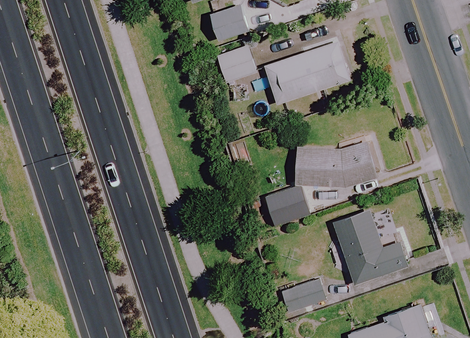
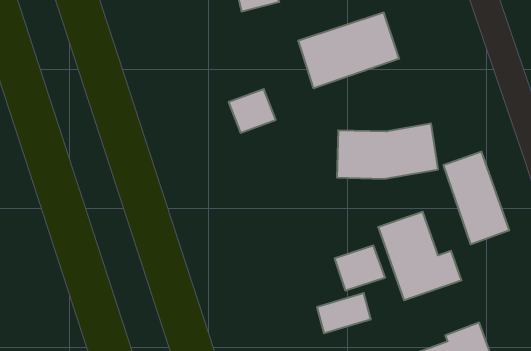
building: [216,46,256,83] -> [229,89,276,133]
building: none -> [444,152,509,244]
building: [267,182,310,220] -> [335,246,385,290]

